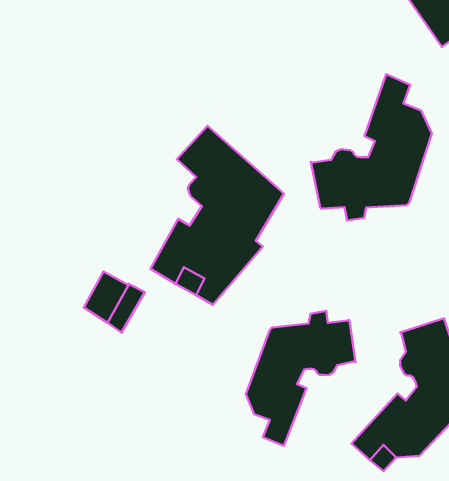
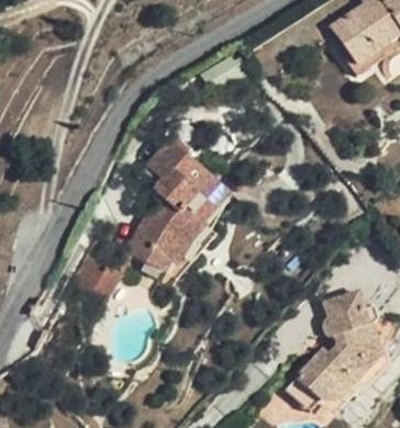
building: [311,74,432,220] -> none
building: [246,311,356,446] -> none

